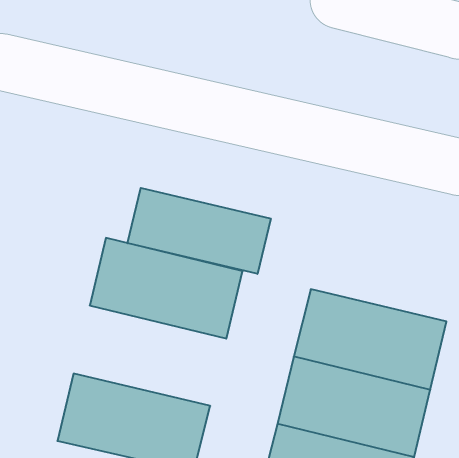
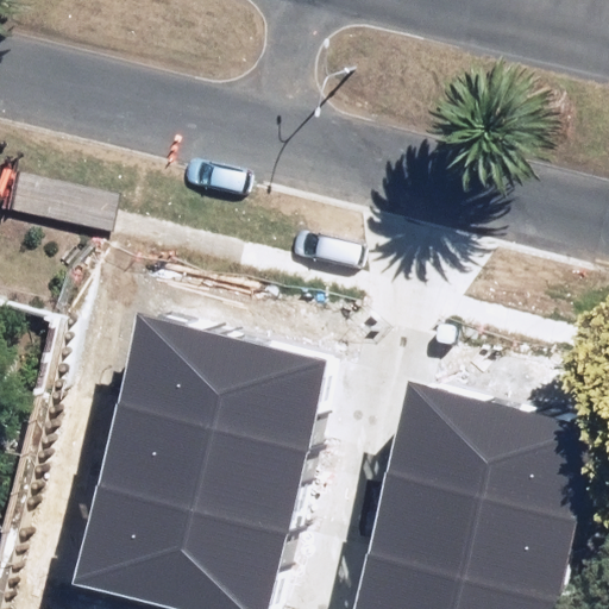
building: [127,188,271,274] -> none
building: none -> [98,406,300,539]

